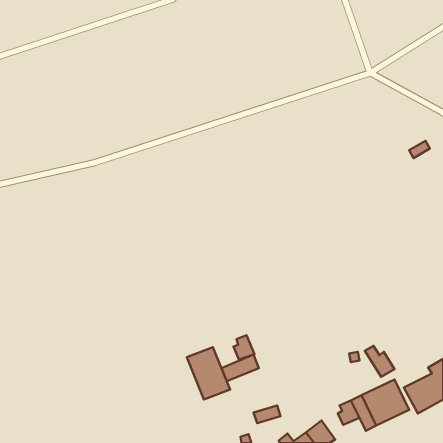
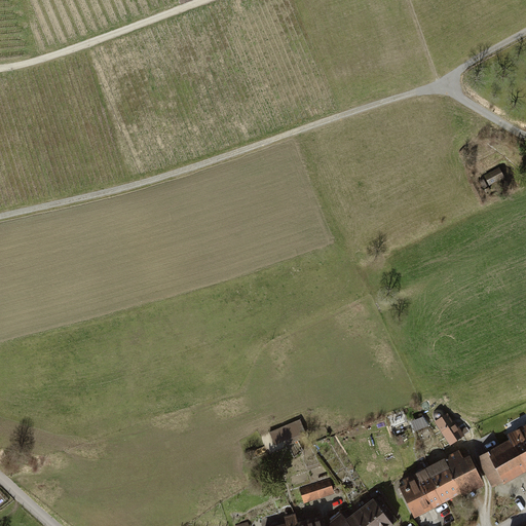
building: [234,335,255,360] -> none
building: [187,347,230,400] -> none
building: none -> [406,494,433,519]

